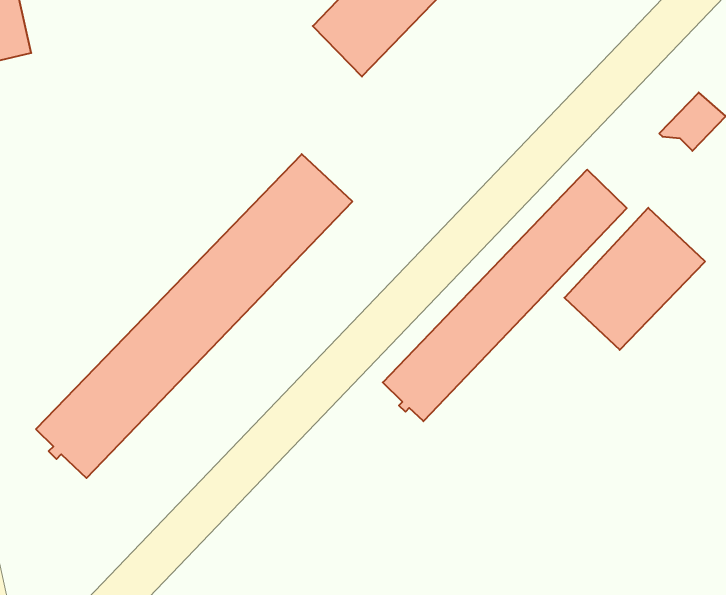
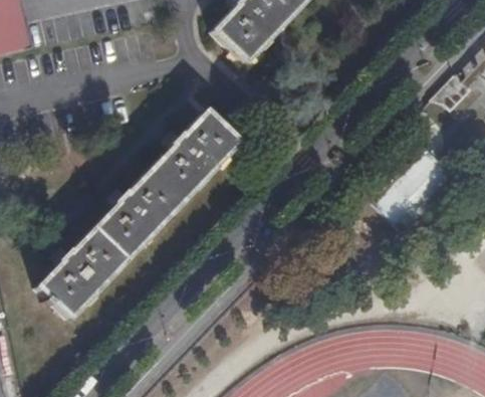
building: [383,170,627,421] -> none

